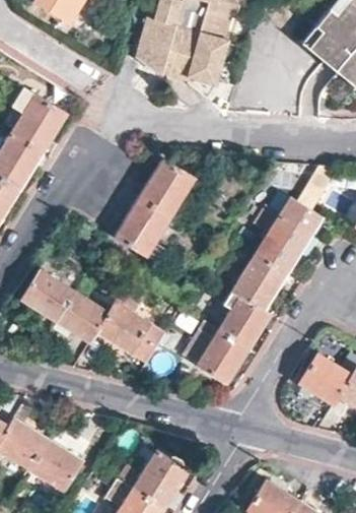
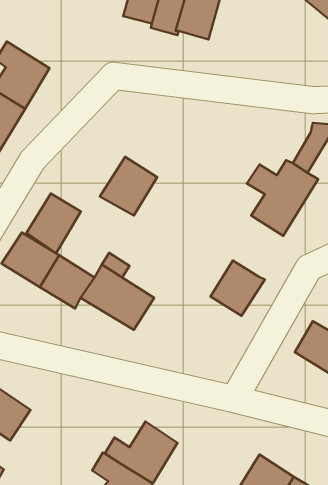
building: [138,158,193,216] -> none
building: none -> [27,194,81,253]
building: [234,253,288,311] -> none
building: [185,322,248,383] -> none
building: [28,438,81,490] -> none

